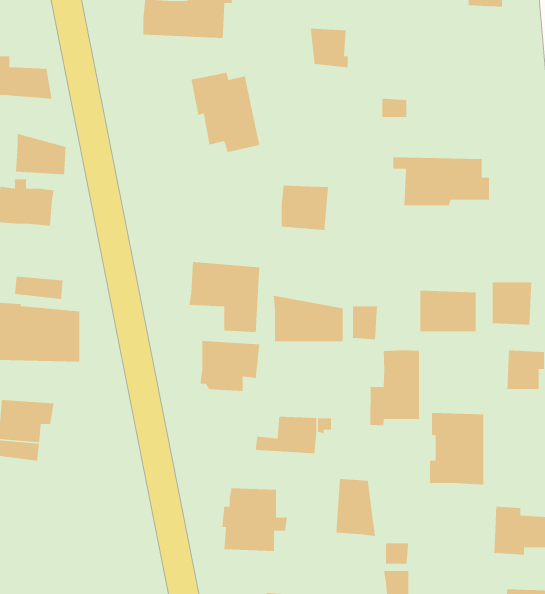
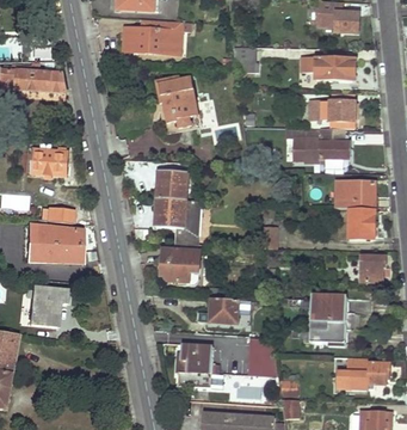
building: none -> [306,56,354,80]
building: none -> [309,100,354,121]
building: [15,133,67,175] -> none
building: [281,185,329,231] -> [156,170,187,199]
building: [420,290,477,332] -> [338,180,375,208]
building: [273,295,343,342] -> none
building: [370,350,420,426] -> none

